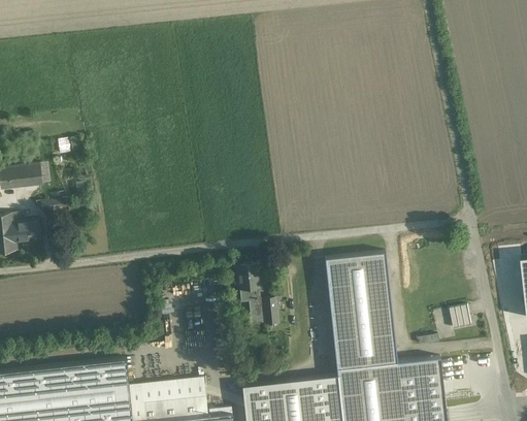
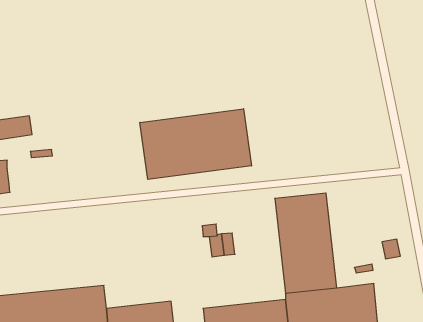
building: none -> [140,109,251,179]
building: [12,222,39,242] -> none
building: [236,265,259,291] -> none

